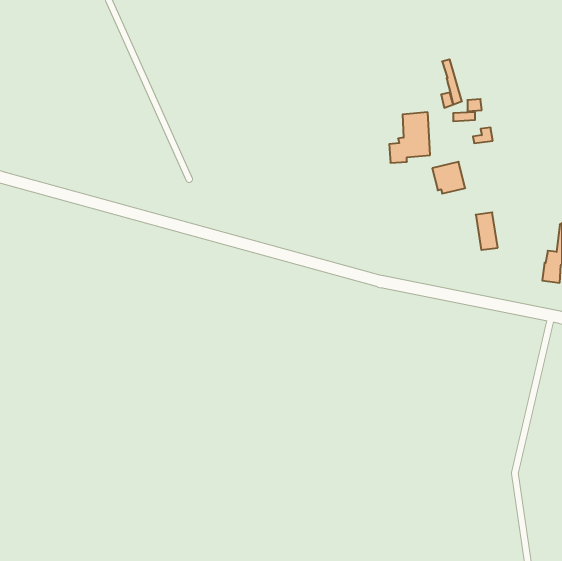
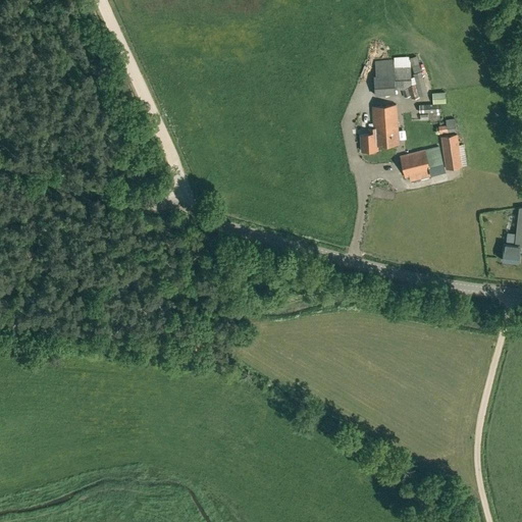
building: none -> [374,68,413,96]
building: [476,212,498,250] -> [441,136,462,170]

